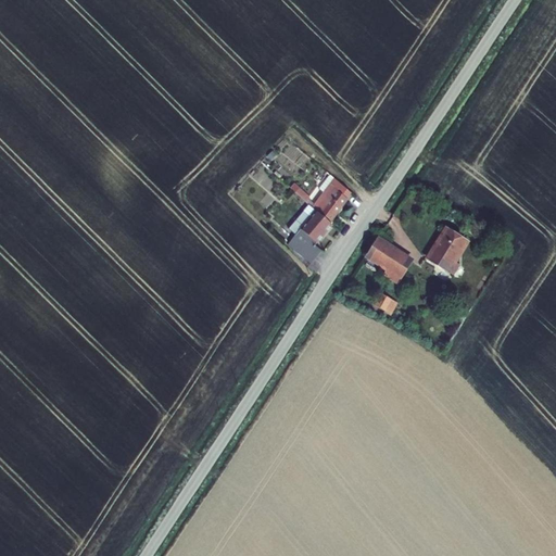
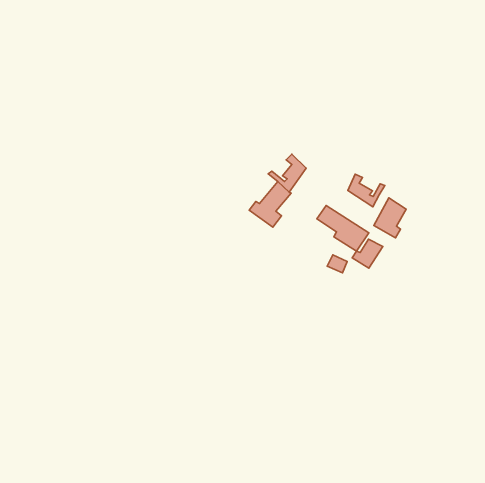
building: none -> [348,174,385,207]
building: none -> [352,239,383,268]

